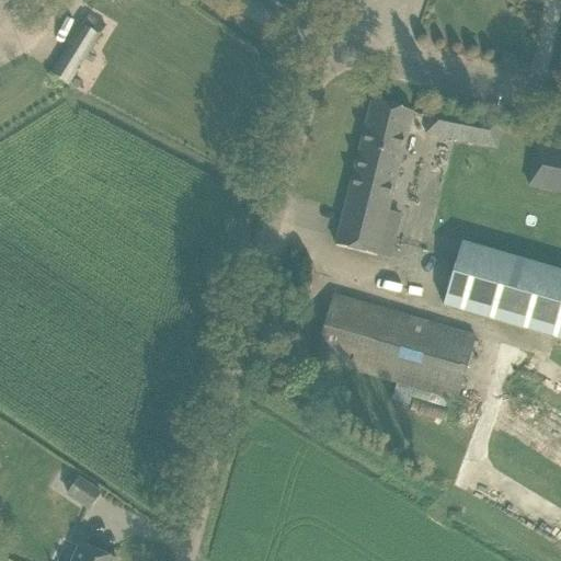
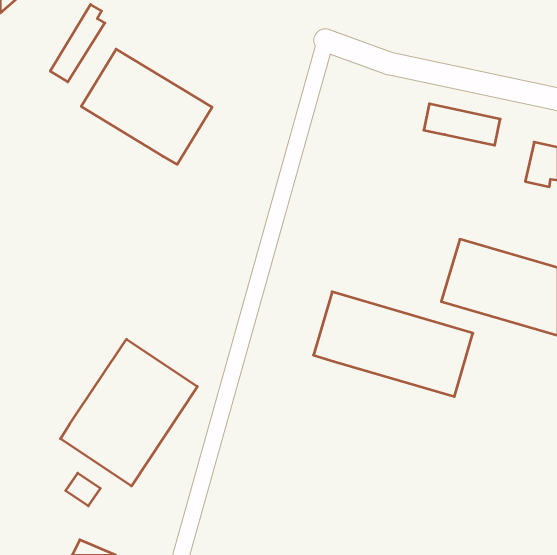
building: none -> [81,49,212,164]
building: [335,99,413,256] -> none
building: none -> [60,339,197,486]

